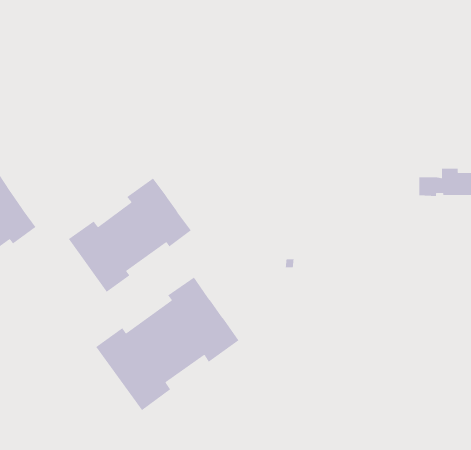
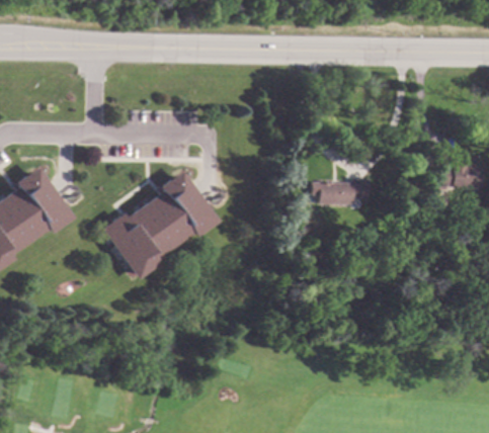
building: none -> [314,179,372,204]
building: [95,277,240,411] -> none

